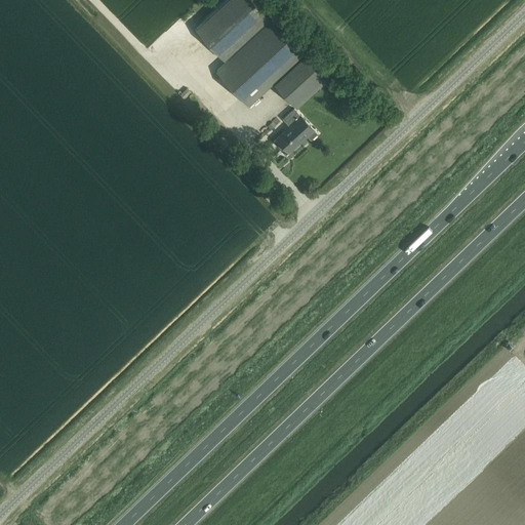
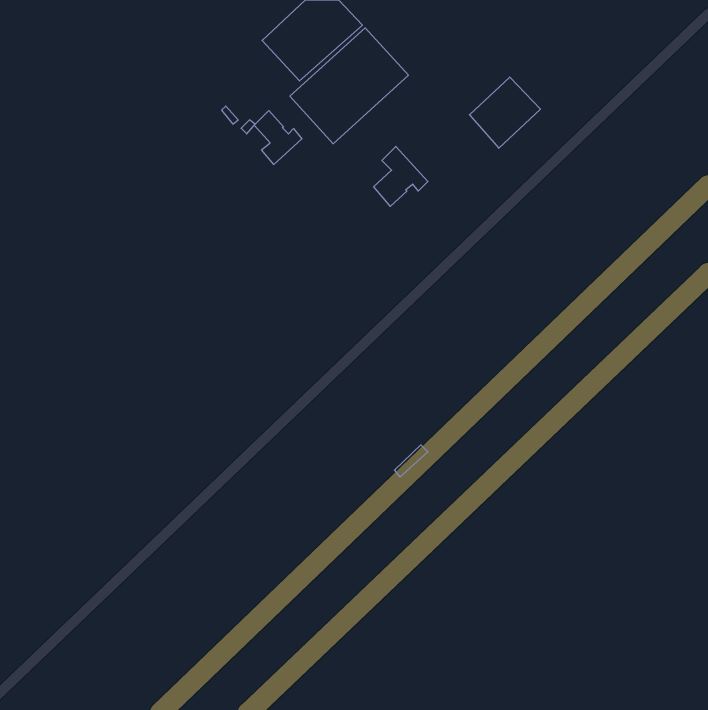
building: [272,58,324,111] -> [469,77,540,148]
building: none -> [254,111,302,164]

